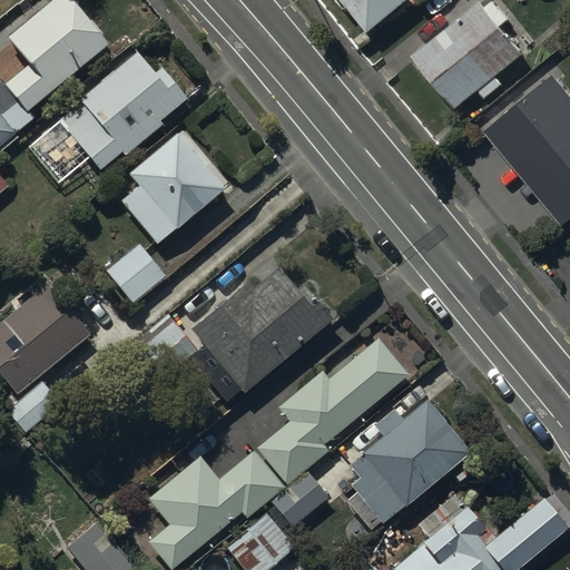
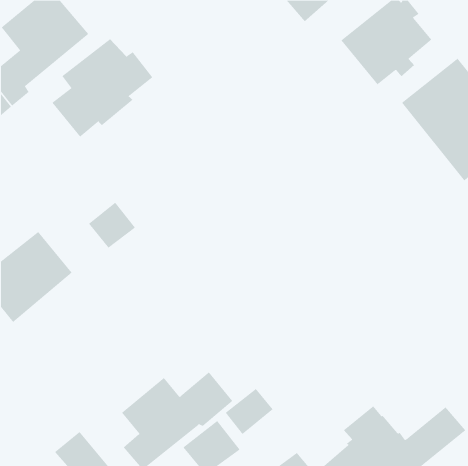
building: [119,134,224,243] -> none
building: [190,272,331,400] -> none
building: [262,344,401,479] -> none
building: [348,396,472,528] -> none

